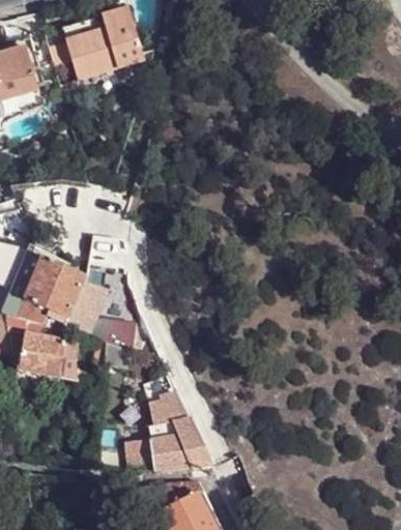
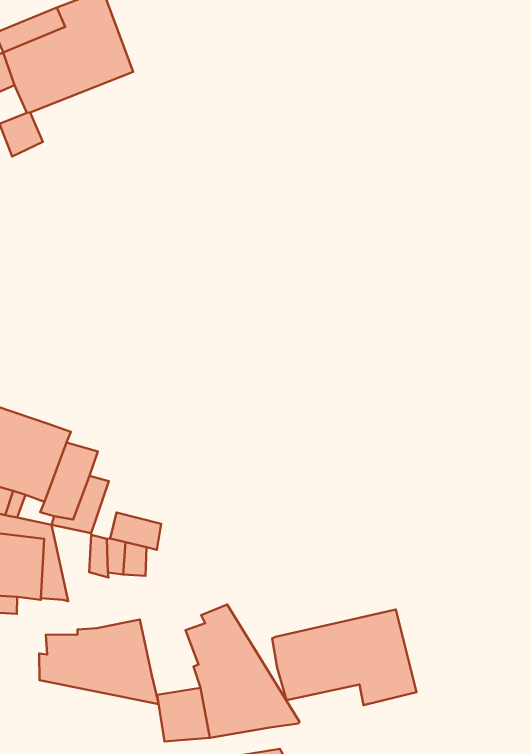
building: none -> [39,619,158,704]
building: none -> [272,609,417,705]

